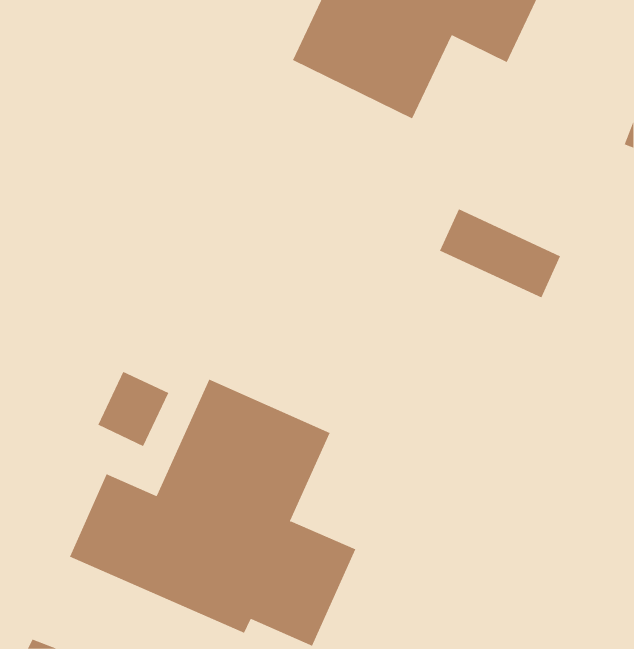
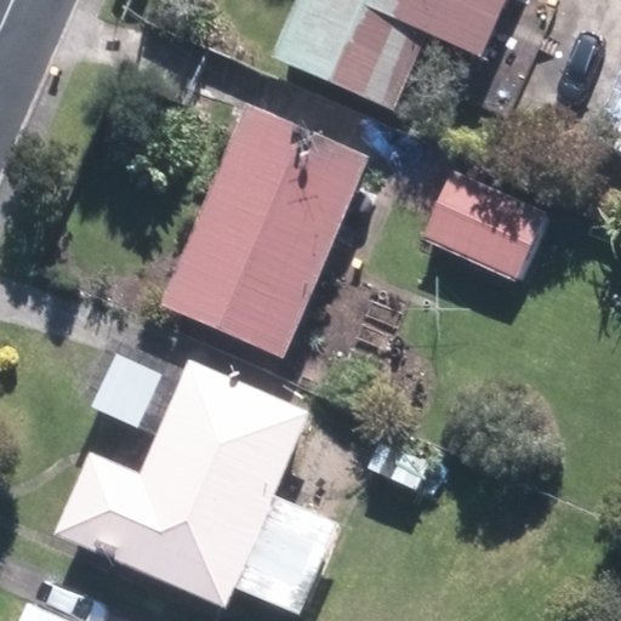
building: none -> [169,104,371,351]

